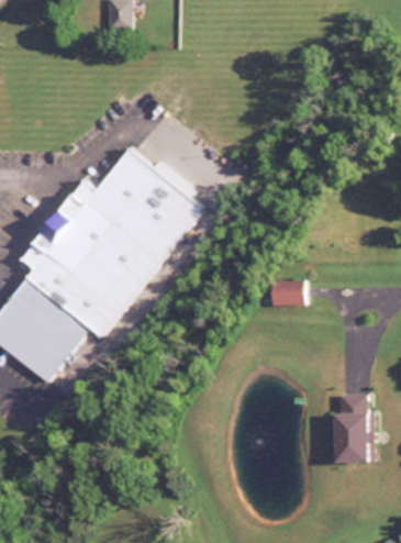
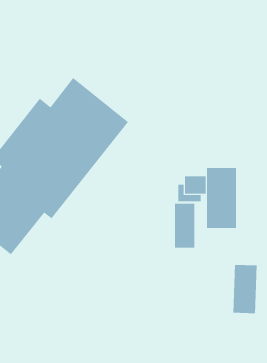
building: none -> [207,167,236,229]
building: none -> [175,203,195,249]

